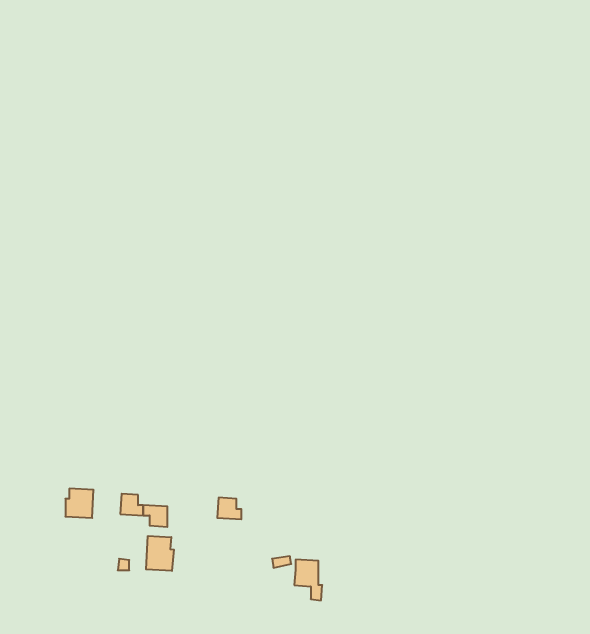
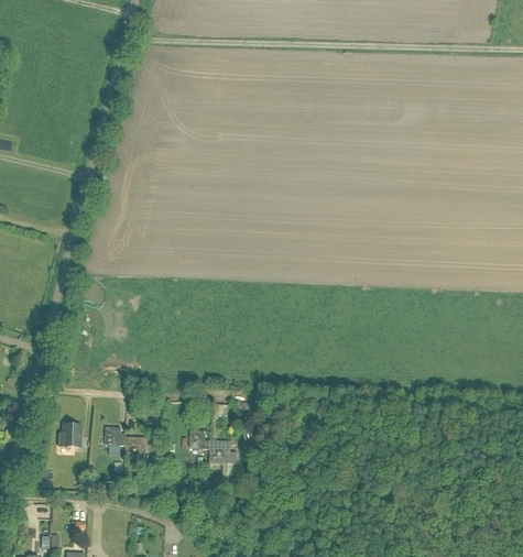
building: [146,536,174,571] -> none
building: [294,560,322,600] -> [208,440,232,476]

